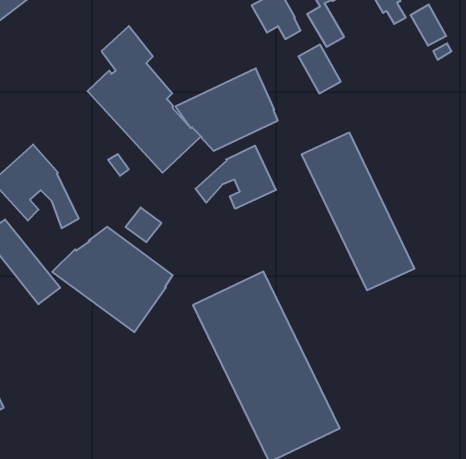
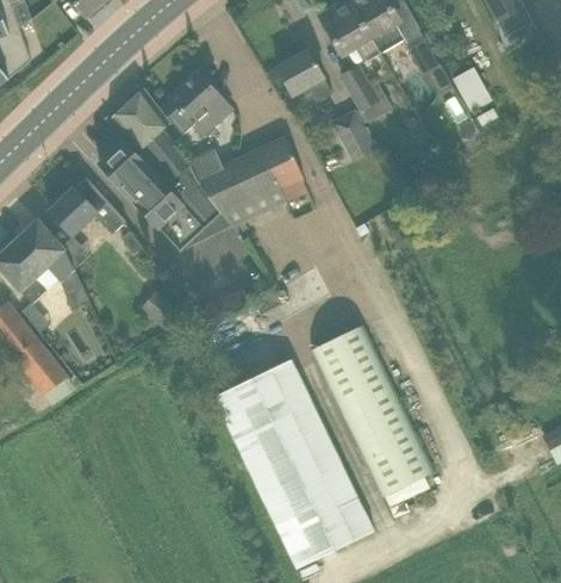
building: none -> [160,73,232,136]
building: none -> [49,176,125,236]
building: [302,133,415,290] -> [310,325,434,498]
building: [195,146,276,209] -> none
building: [52,227,173,332] -> none

